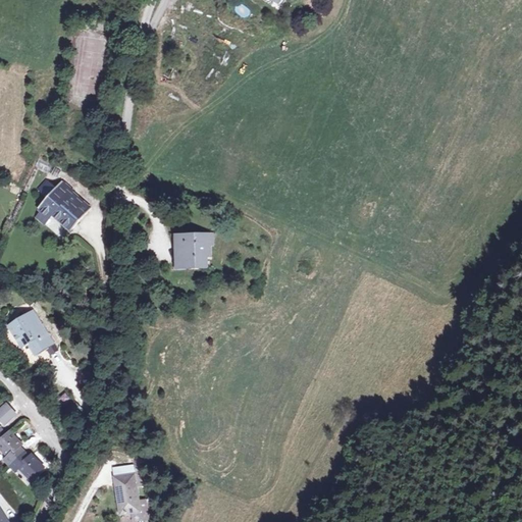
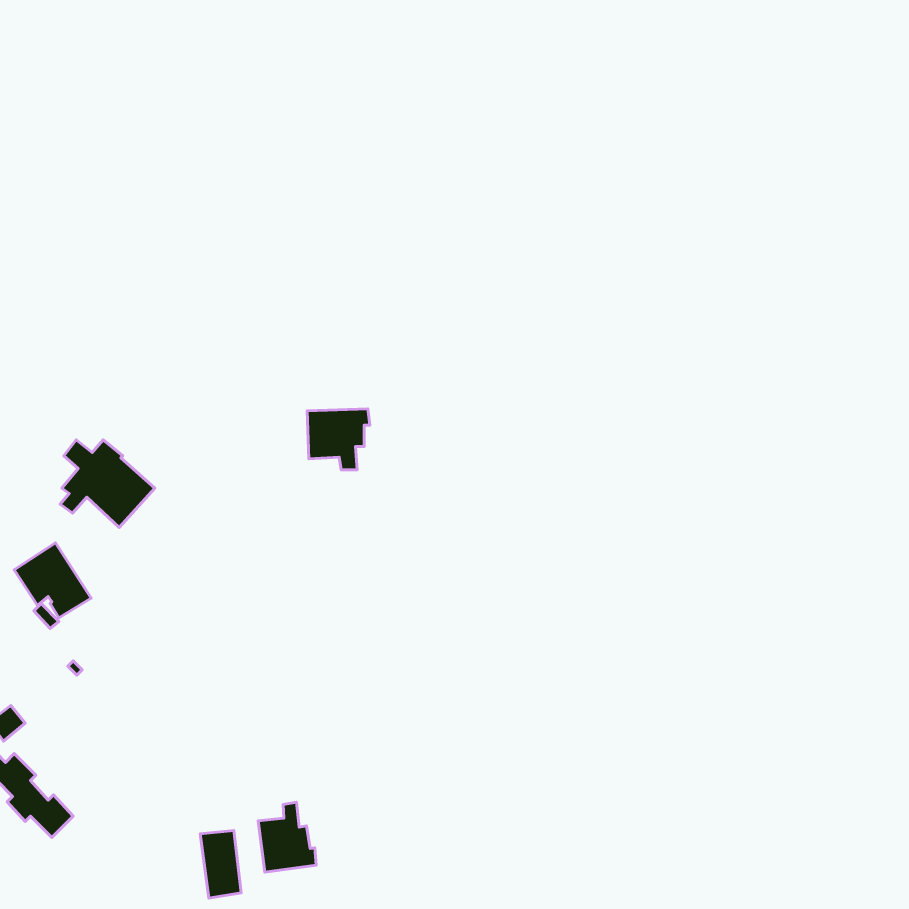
building: [36,179,90,229] -> [60,440,155,527]
building: none -> [258,802,316,872]

